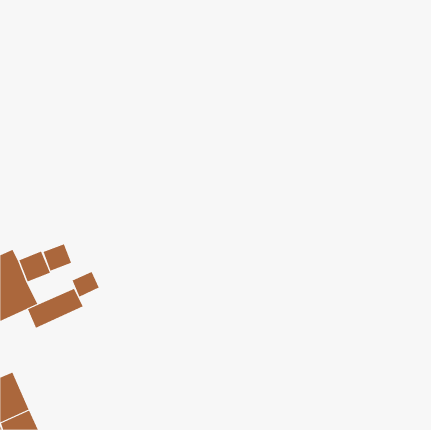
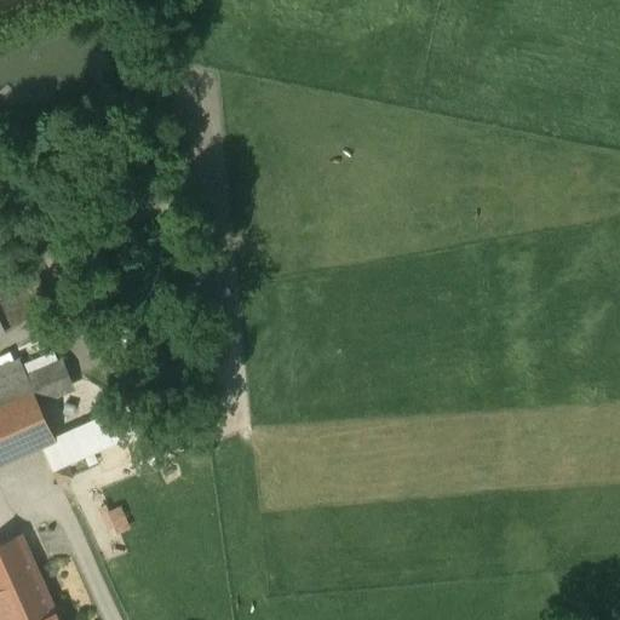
building: [43,243,72,272] -> none
building: [72,271,100,297] -> none

